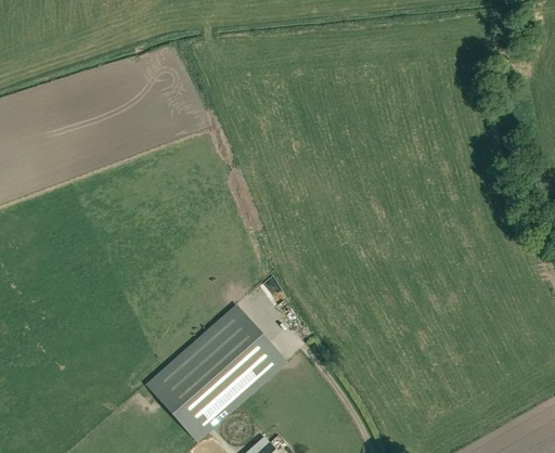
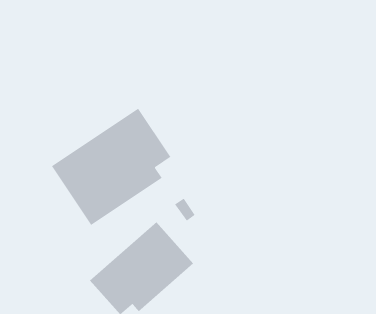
building: none -> [51,108,171,226]

